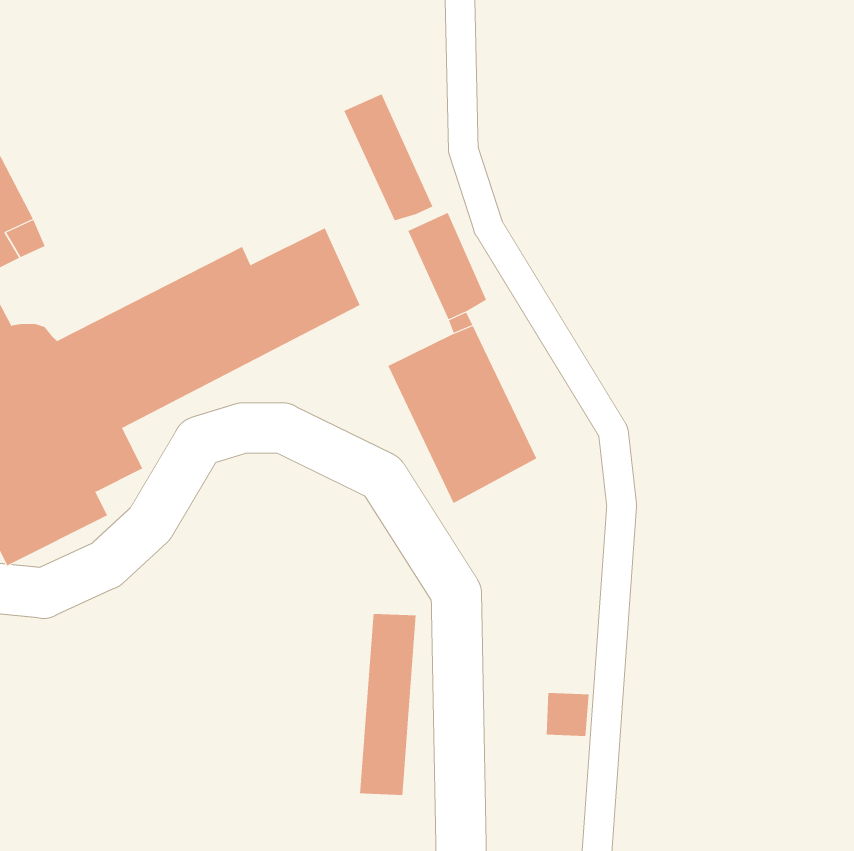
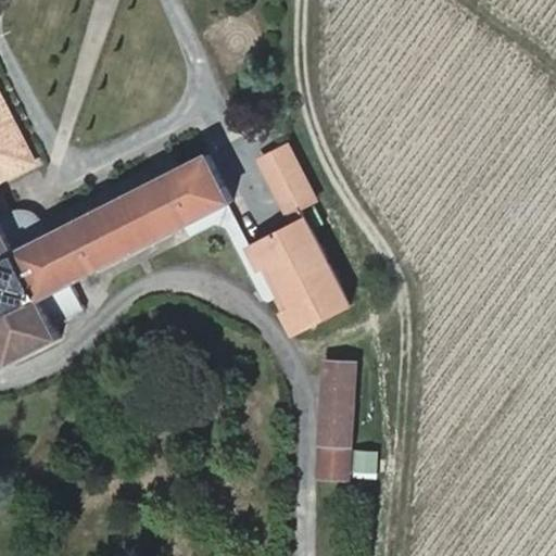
building: [344,93,433,221] -> none
building: [359,614,417,796] -> [314,363,351,480]

